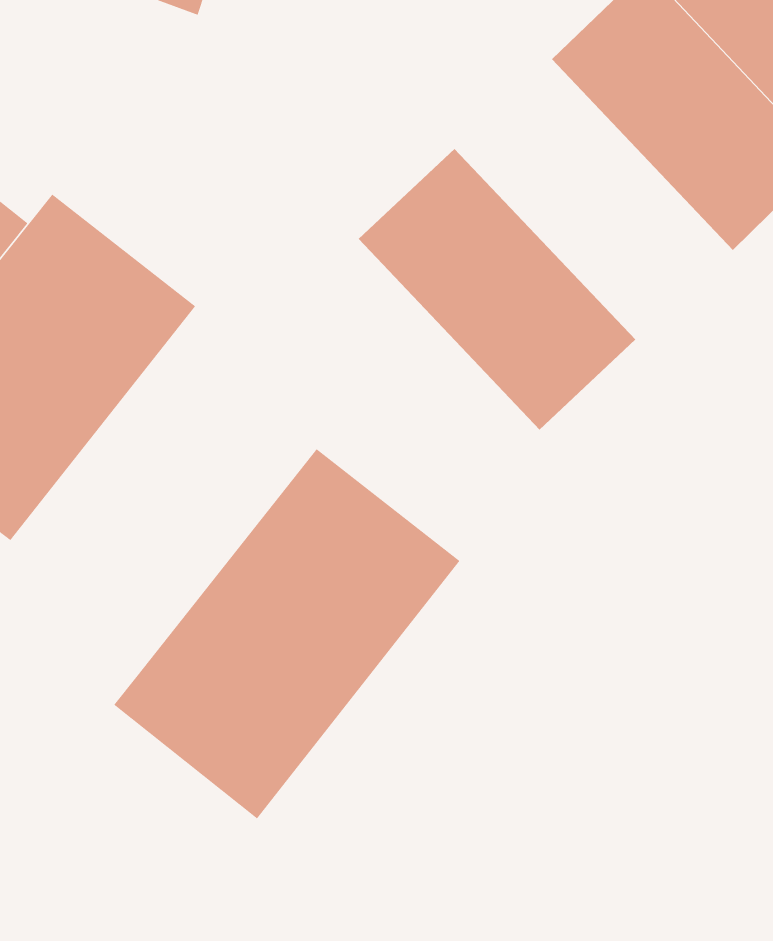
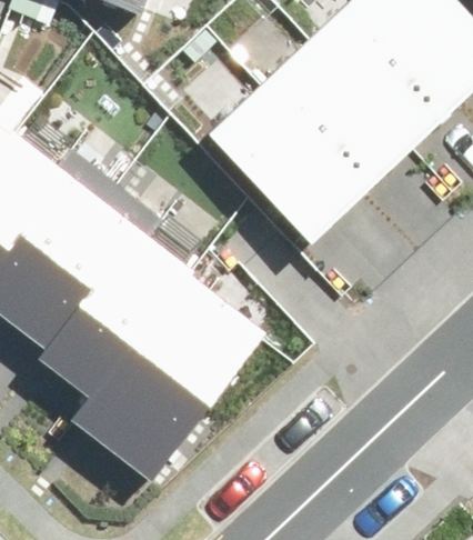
building: none -> [256,43,413,201]
building: none -> [7,182,192,390]

